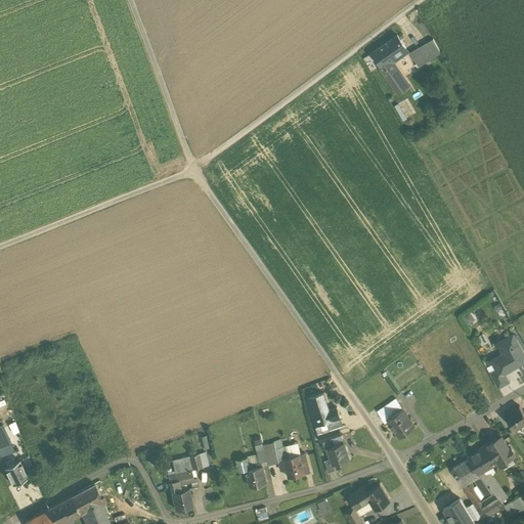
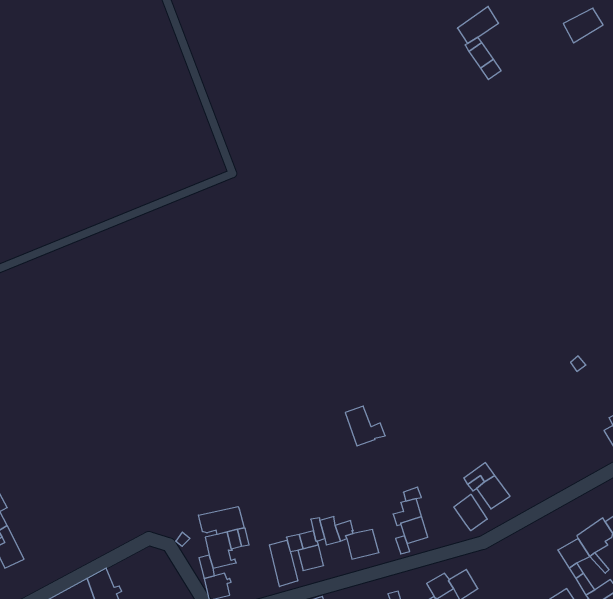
building: [409,42,441,70] -> [563,8,603,43]
building: [309,395,341,427] -> [345,406,385,446]
building: none -> [454,494,487,531]
building: none -> [198,507,244,534]
building: none -> [270,540,298,587]

